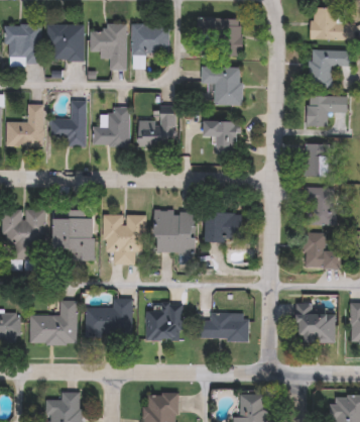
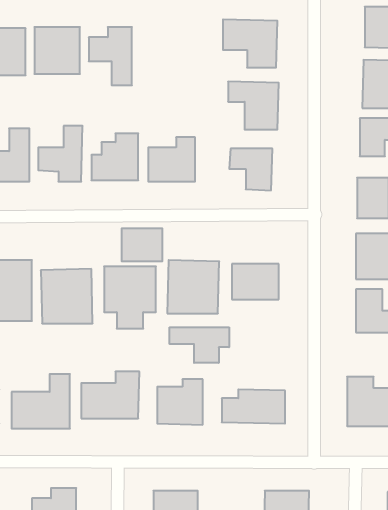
building: [131,23,168,69] -> none
building: none -> [122,228,162,261]
building: none -> [170,327,229,363]

